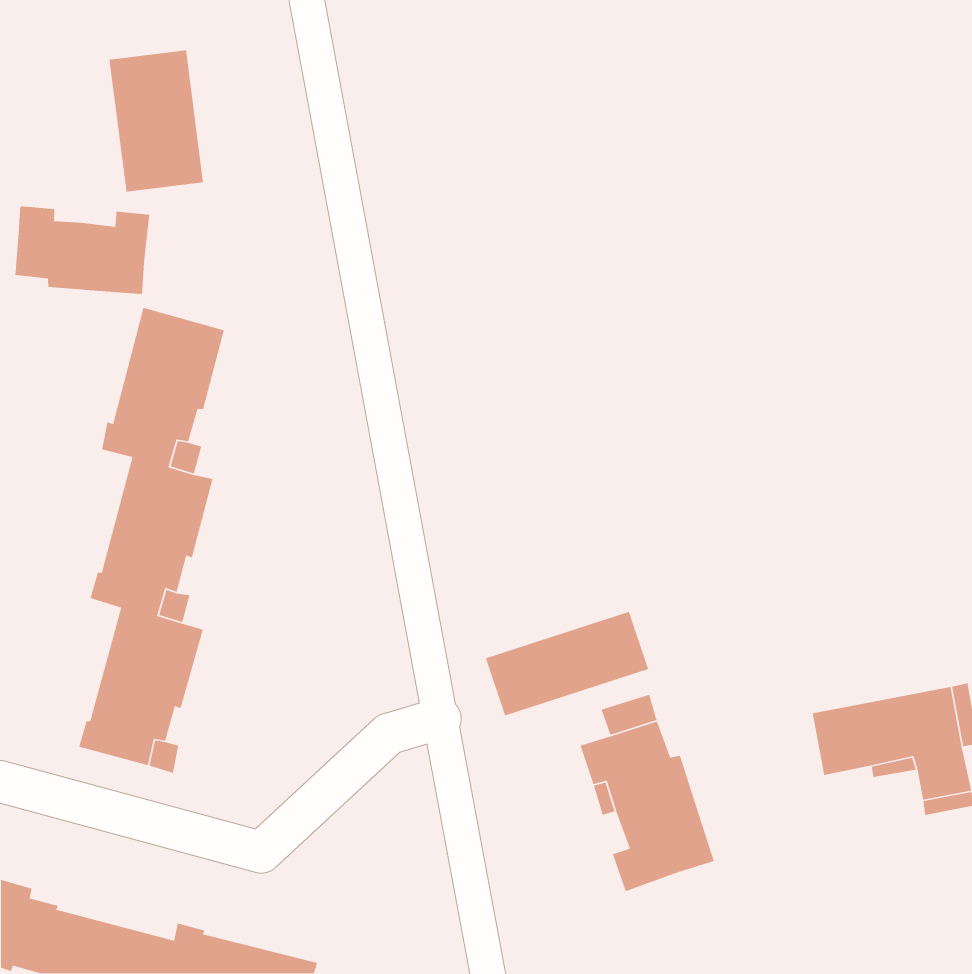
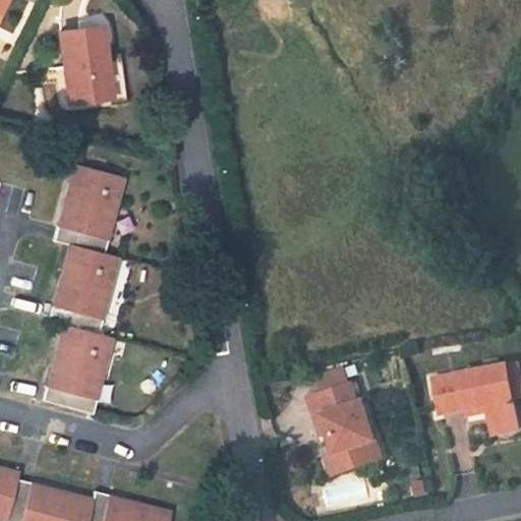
building: [15,206,150,295] -> none
building: [485,611,649,717] -> none

